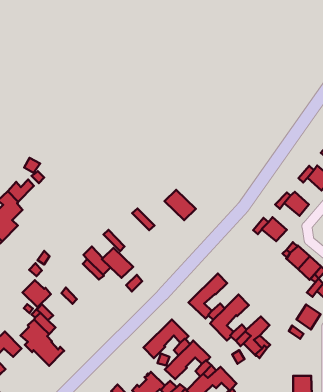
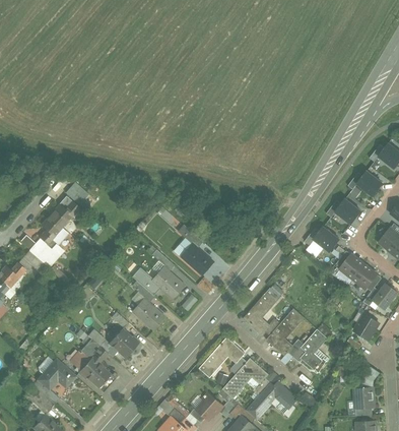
building: [165,190,196,220] -> [180,244,212,274]
building: none -> [131,299,163,329]
building: [22,280,51,307] -> [108,329,137,357]

